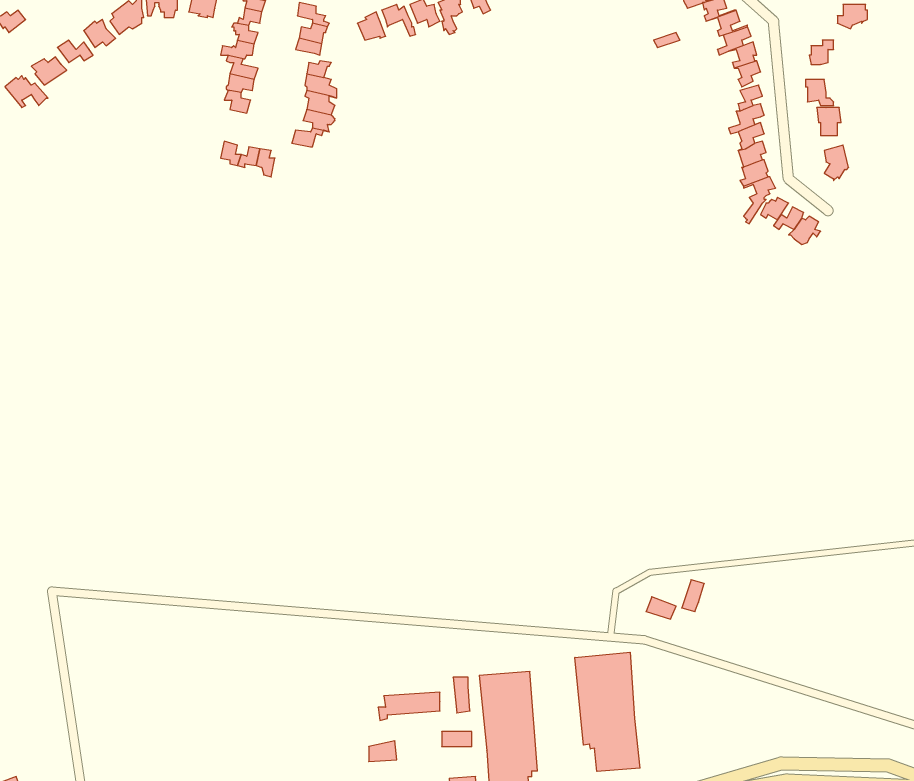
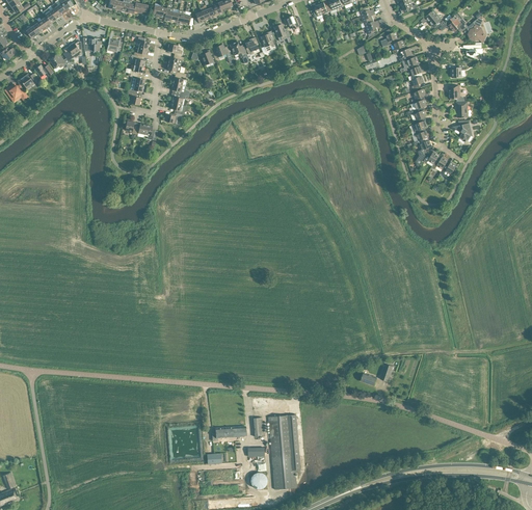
building: [575,652,640,771] -> none

